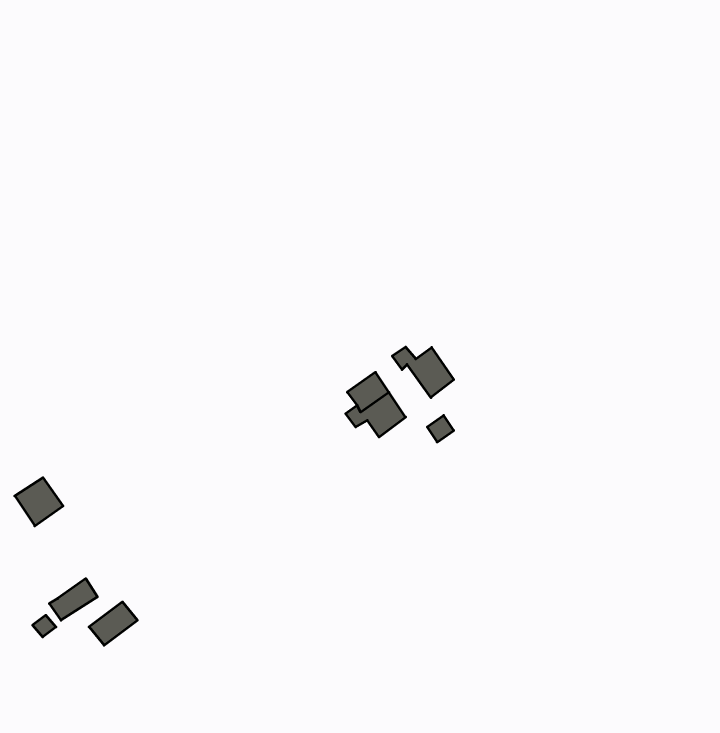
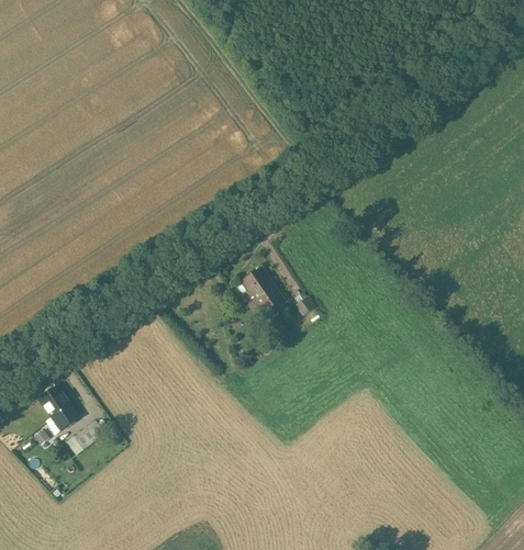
building: [392,347,454,398] -> none
building: [15,478,63,526] -> [38,386,70,418]

